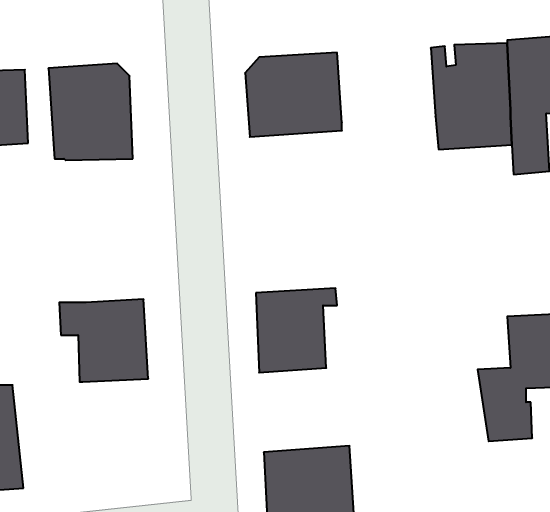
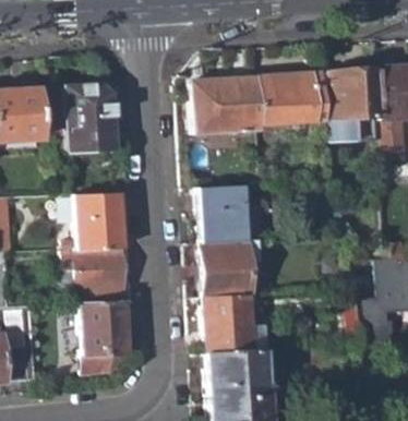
building: none -> [259,72,327,124]
building: none -> [200,185,265,243]
building: none -> [81,193,123,250]
building: none -> [204,296,267,354]
building: none -> [81,303,129,374]

